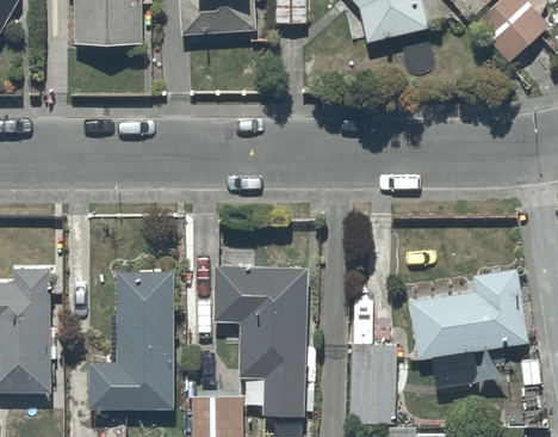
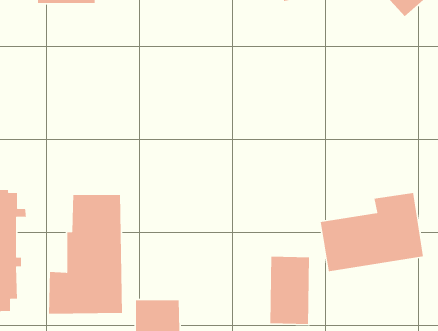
building: [211,263,310,419] -> none

